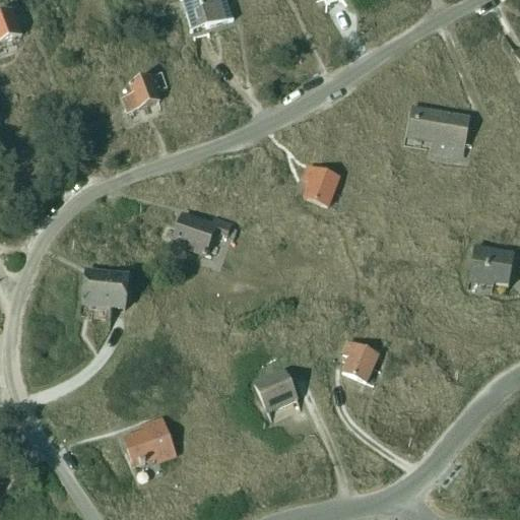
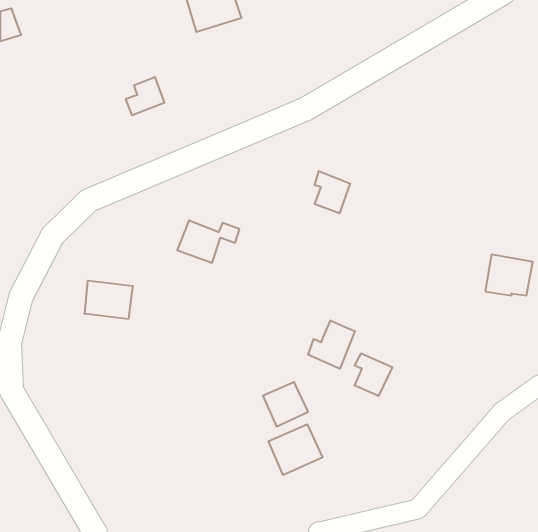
building: [406,106,467,153] -> none
building: none -> [308,320,355,369]
building: none -> [269,424,323,475]
building: [125,416,176,464] -> none

